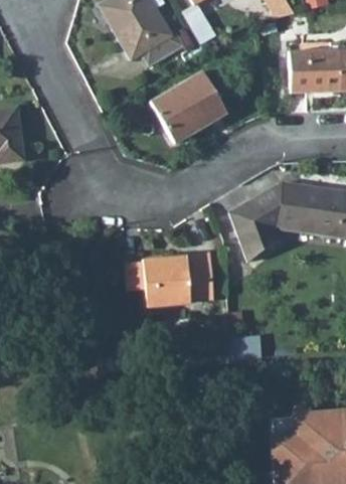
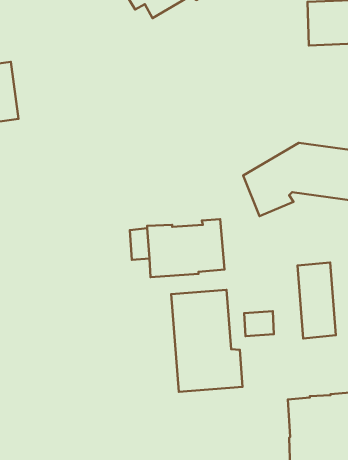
building: [150,71,226,143] -> none
building: none -> [297,262,336,338]
building: none -> [171,290,242,392]

